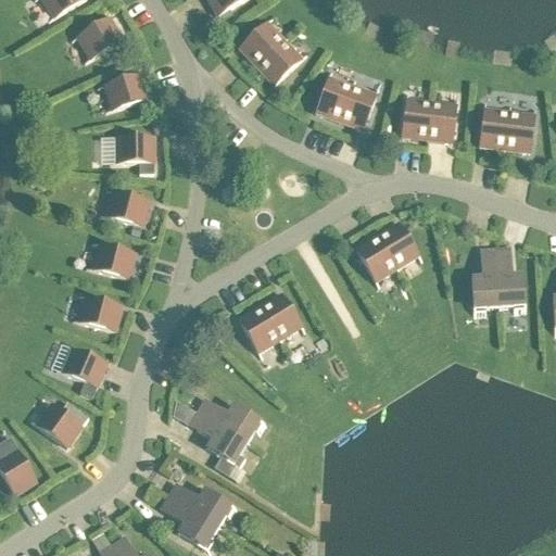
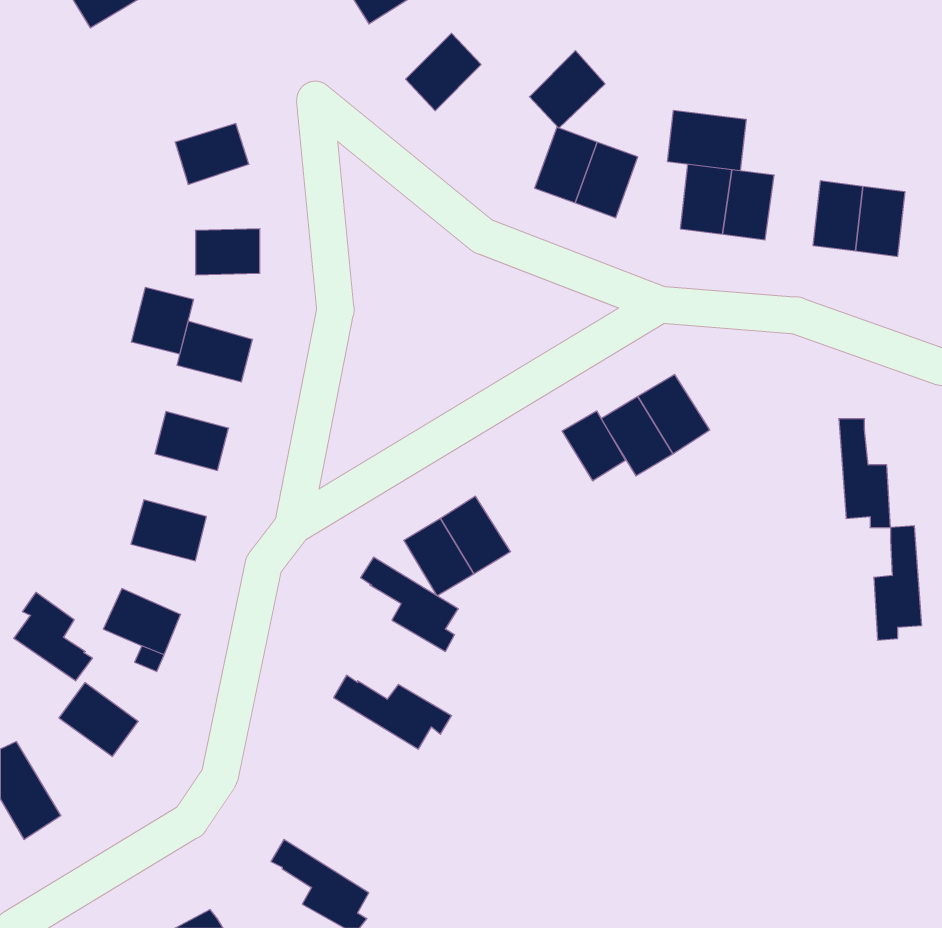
building: [76,15,123,58] -> none
building: [256,38,301,84] -> [529,51,605,128]
building: none -> [668,110,746,171]
building: none -> [131,287,194,354]
building: none -> [562,411,626,481]
building: [470,247,498,314] -> [874,526,922,640]
building: none -> [14,592,92,681]
building: [189,410,247,466] -> [361,557,458,651]
building: [167,482,237,526] -> none

